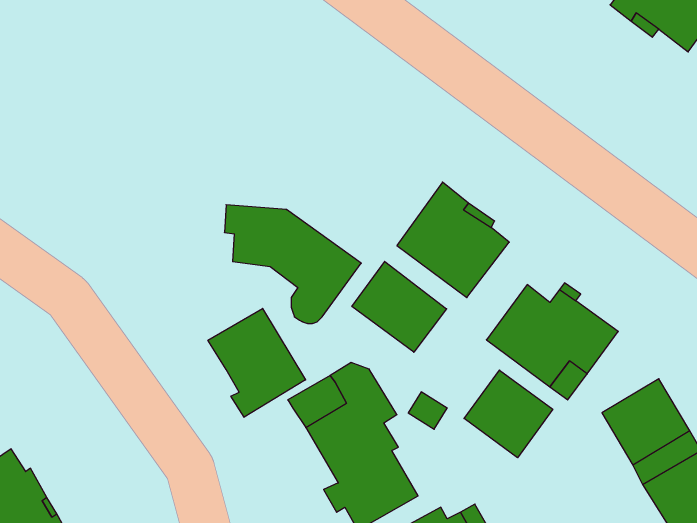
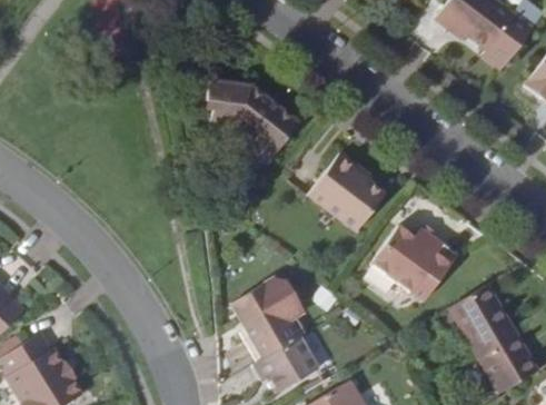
building: [224,205,361,323] -> [200,80,294,161]
building: [352,261,447,352] -> none
building: [208,308,306,417] -> none
building: [464,370,553,458] -> none

